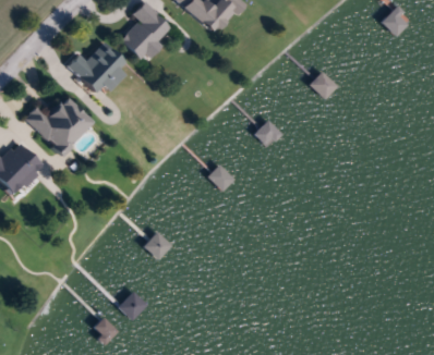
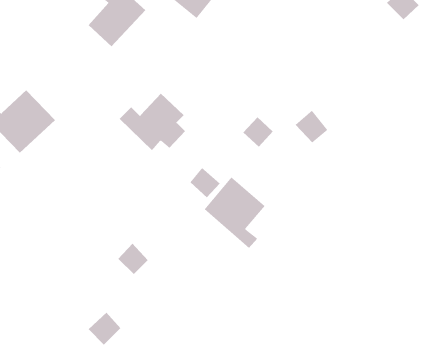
building: [67,40,125,91] -> [119,93,186,151]
building: [310,70,339,99] -> [295,110,328,143]
building: none -> [204,177,265,249]

